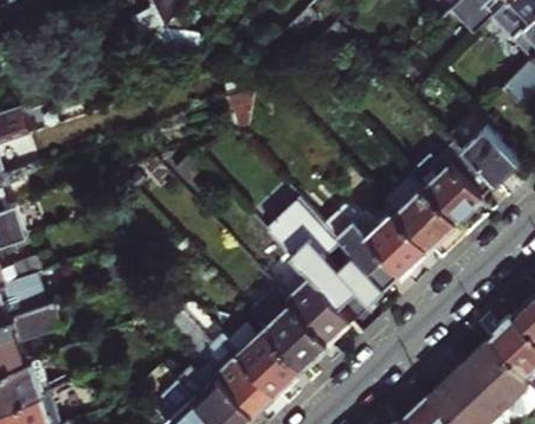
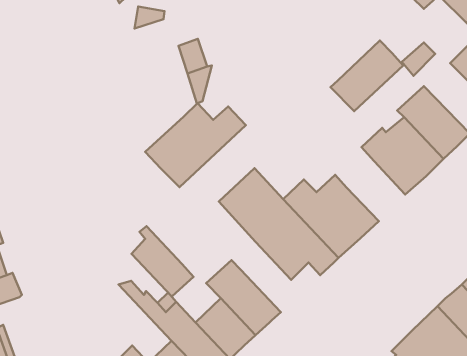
building: none -> [331,41,403,111]
building: none -> [145,103,246,187]
building: [394,191,455,252] -> none
building: [285,274,349,346] -> [131,226,194,296]

